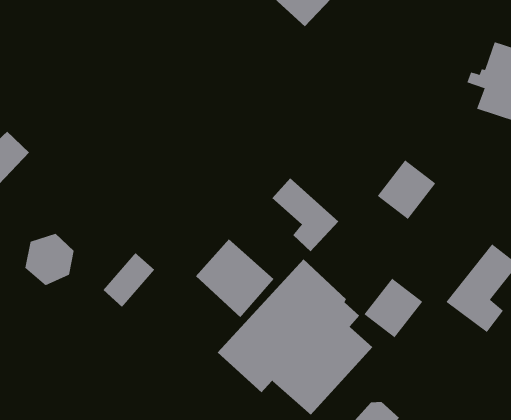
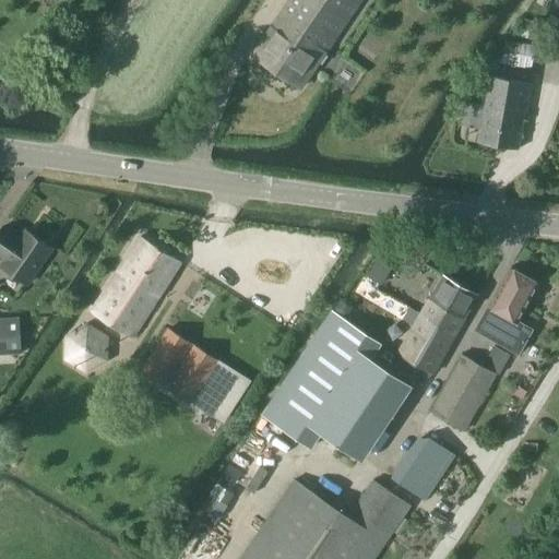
building: none -> [88,237,180,337]
building: [377,159,436,220] -> [420,277,476,335]
building: [272,178,339,252] -> none
building: [195,238,275,318] -> [168,346,246,421]
building: none -> [431,347,510,432]

